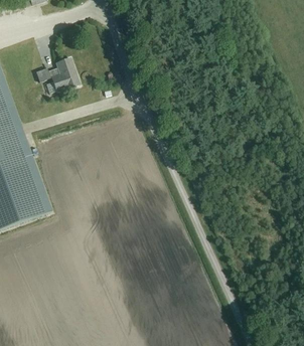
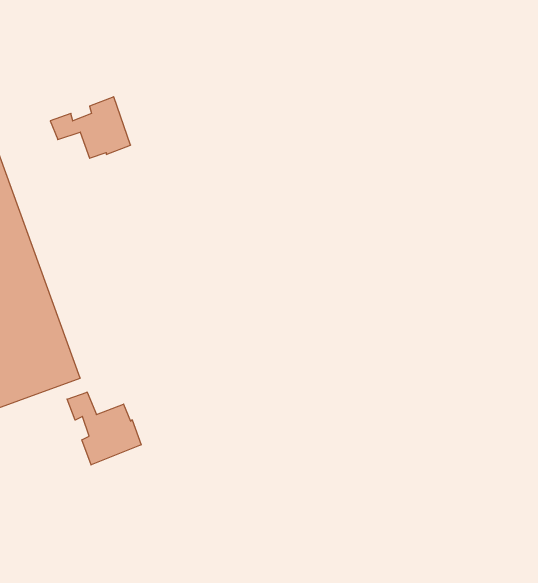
building: none -> [67,392,141,465]

